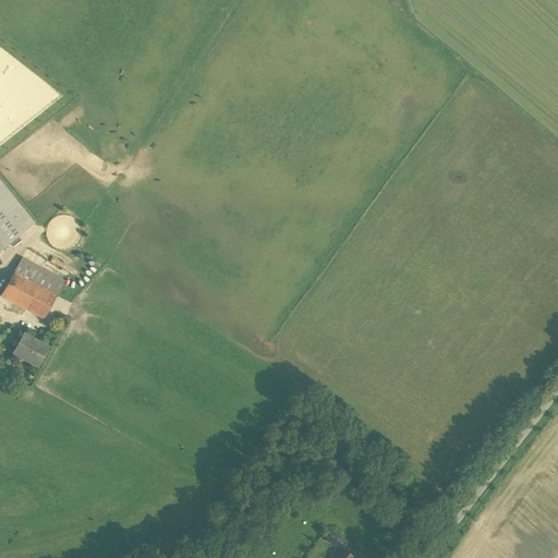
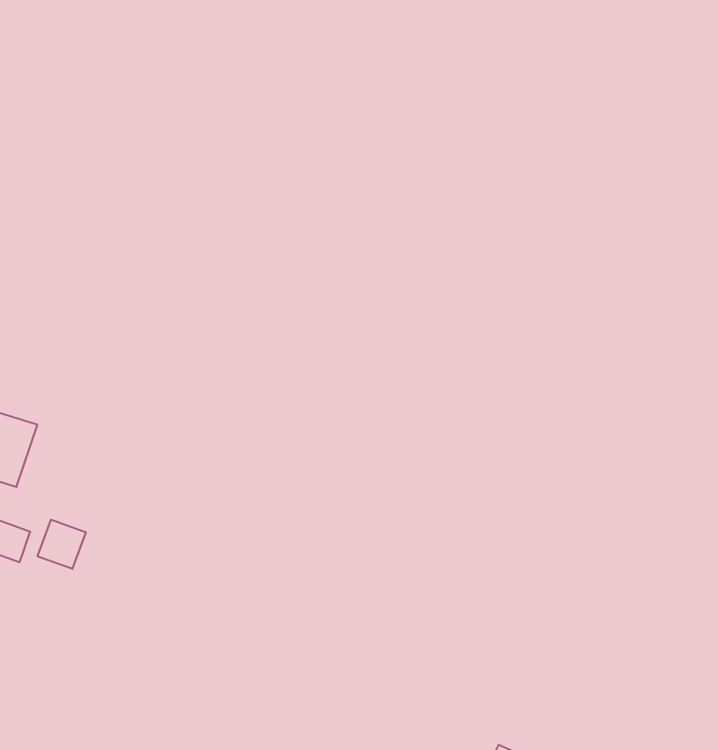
building: none -> [38,520,86,569]

